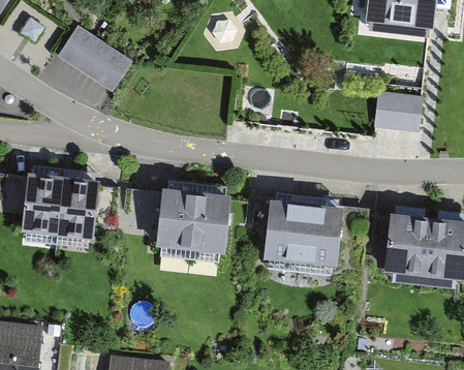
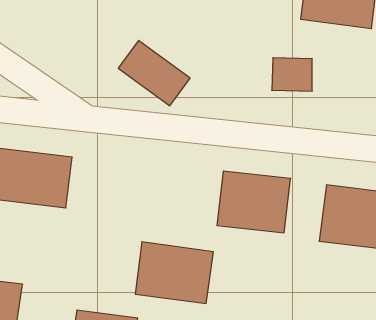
building: [52,21,132,94] -> [118,40,190,106]
building: [380,89,426,126] -> [272,58,312,91]
building: [146,184,234,253] -> [135,242,213,303]

